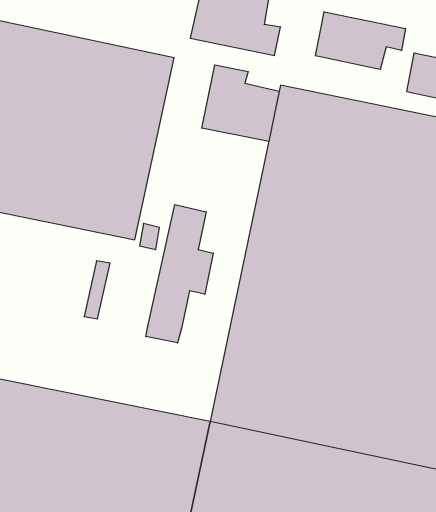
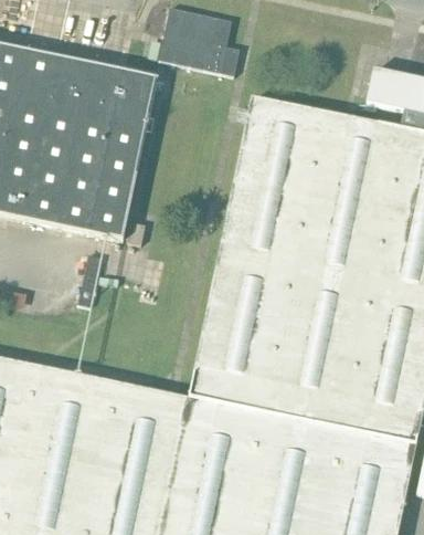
building: [316,12,406,69] -> none
building: [202,65,279,142] -> none
building: [146,205,213,343] -> none

